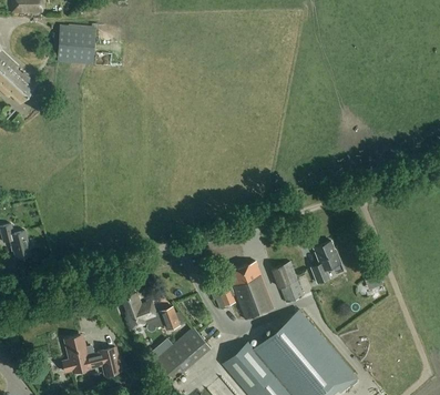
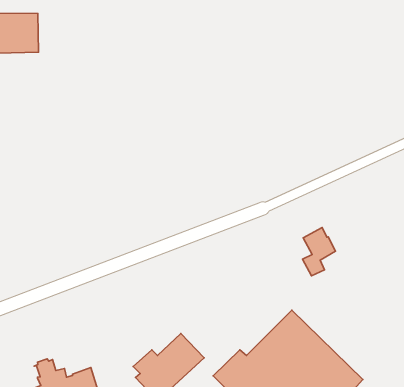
building: [218,262,274,320] -> none
building: [273,262,304,303] -> none
building: [122,293,186,332] -> none

